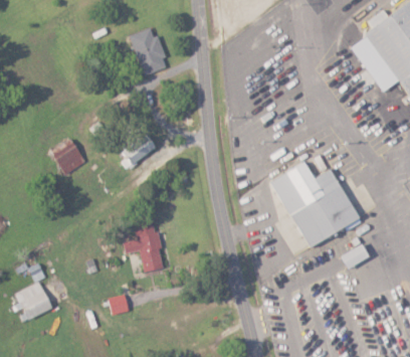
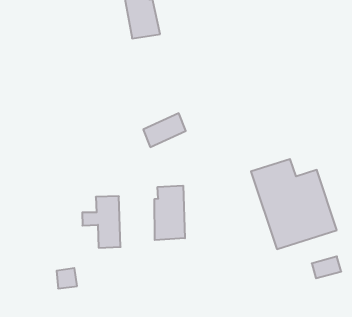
building: [119,134,158,169] -> [143,113,186,147]
building: [51,140,85,175] -> none
building: none -> [155,186,185,240]

